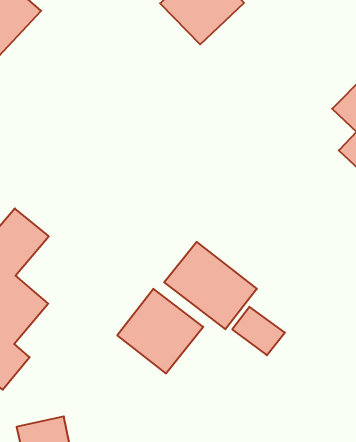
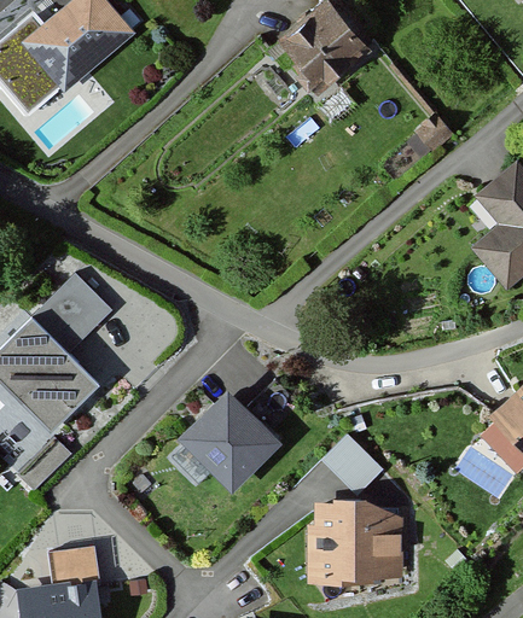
building: [164,242,257,329] -> none
building: none -> [308,501,401,582]

